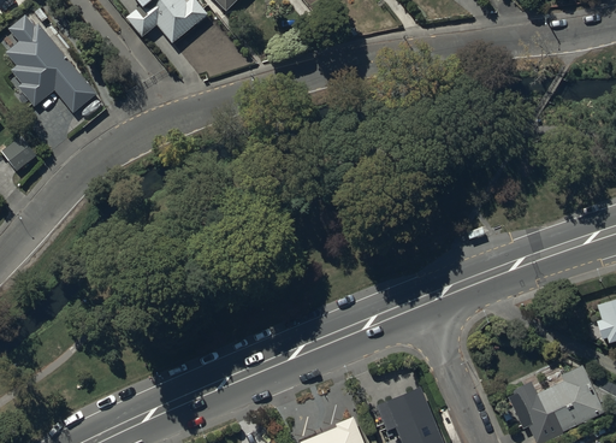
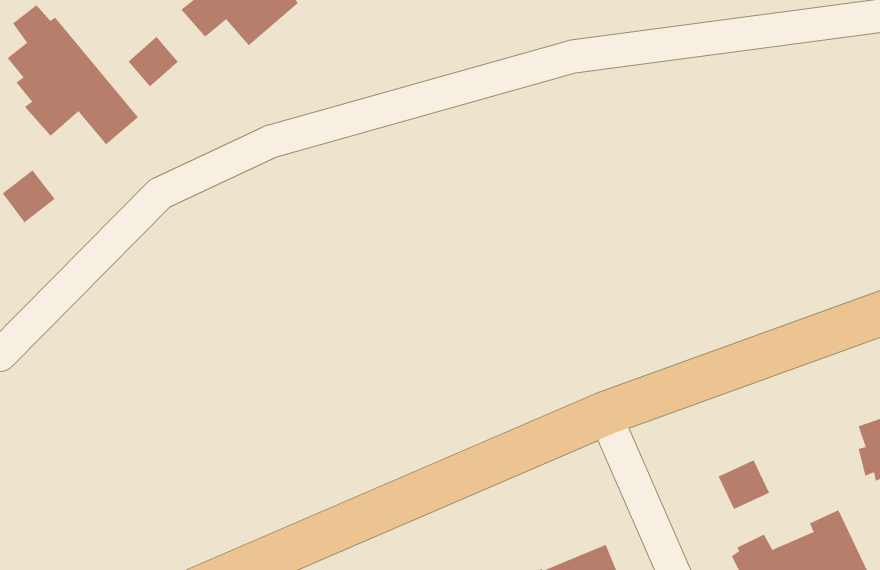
building: none -> [128,36,179,87]
building: none -> [718,459,770,510]

